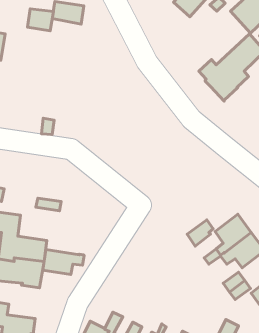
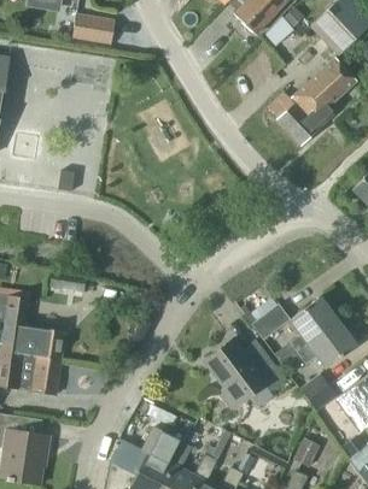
building: [27,9,53,31] -> none
building: none -> [204,337,286,408]
building: [43,250,84,275] -> none

